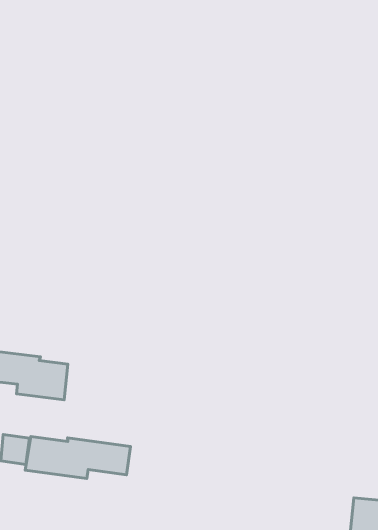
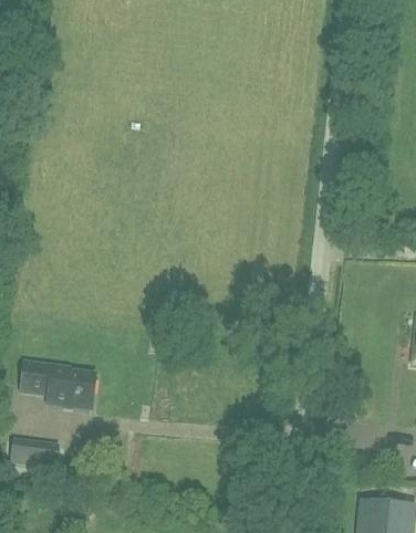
building: [25,436,131,479] -> none

